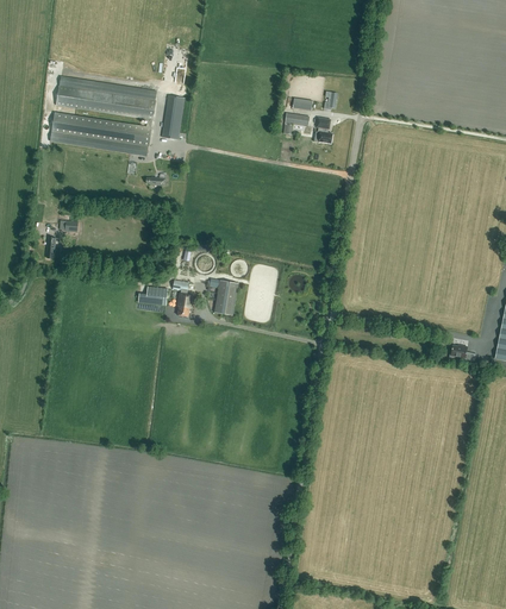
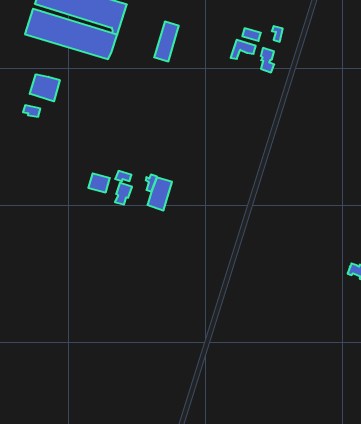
building: [161,95,183,139] -> [154,22,179,61]
building: none -> [30,74,60,101]

